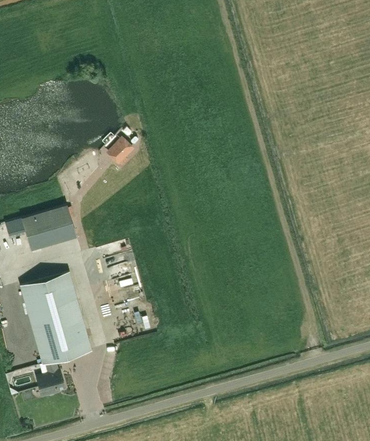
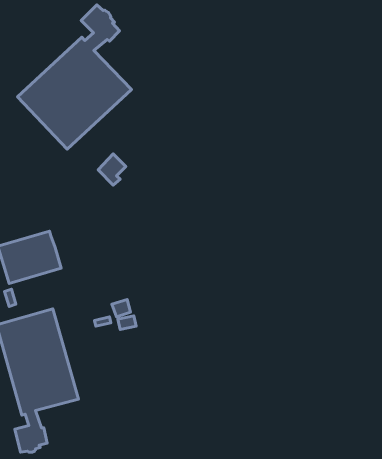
building: none -> [17,5,132,149]

